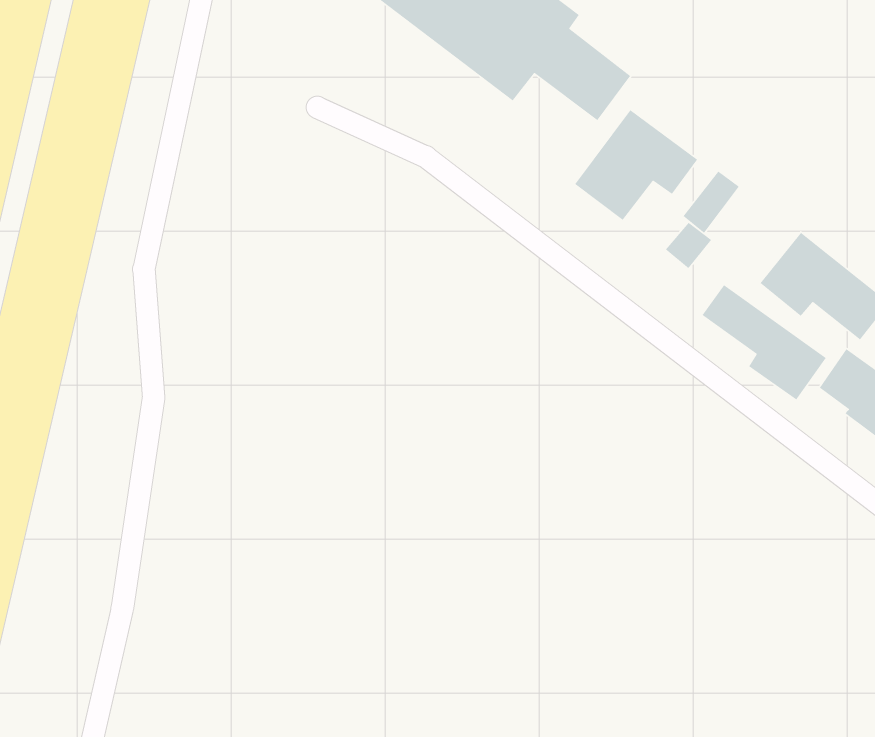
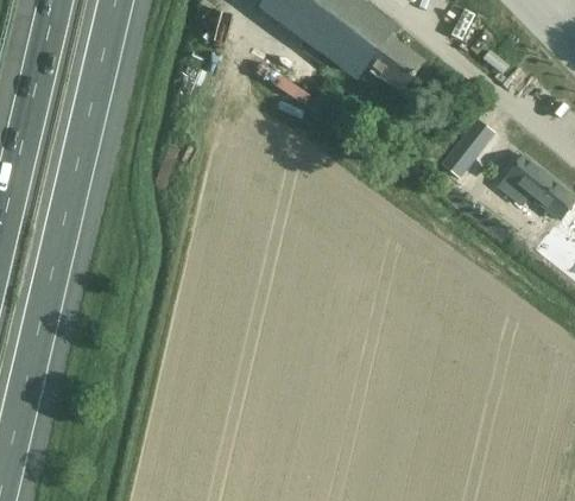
building: [574,109,698,221] -> none
building: [702,284,827,401] -> none

